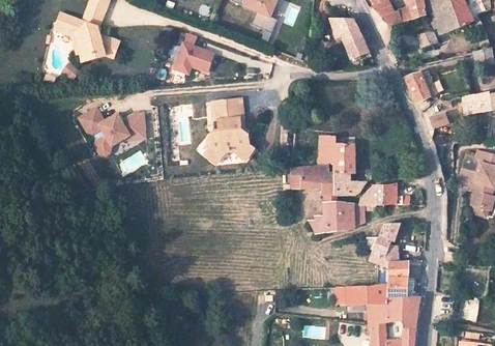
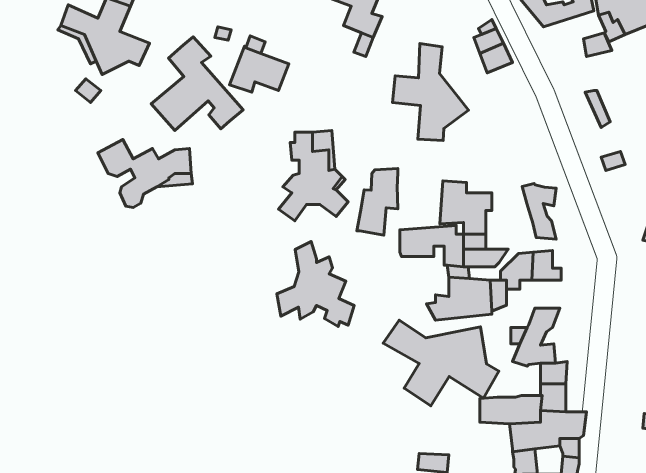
building: none -> [151,37,243,130]
building: none -> [392,43,468,140]
building: [406,73,431,103] -> none
building: none -> [357,169,398,235]
building: none -> [522,183,556,239]
building: none -> [277,241,354,326]
building: none -> [383,320,499,406]

